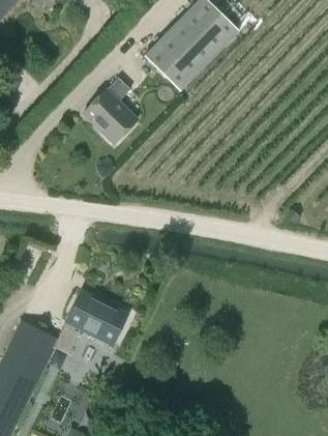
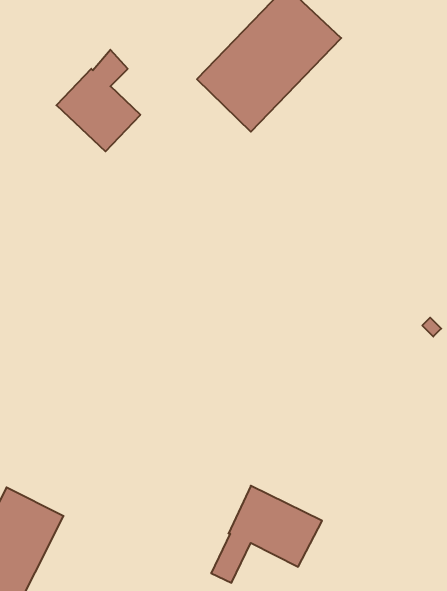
building: [83,79,138,145] -> [56,50,140,151]
building: [55,291,127,354] -> [211,486,322,583]

